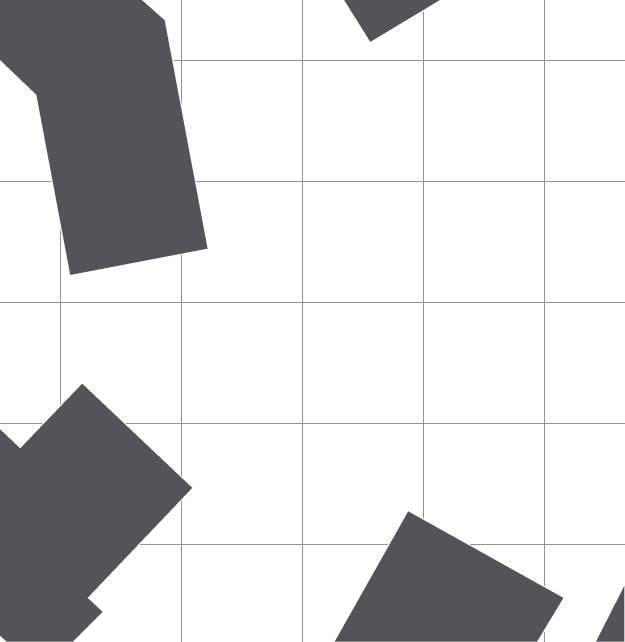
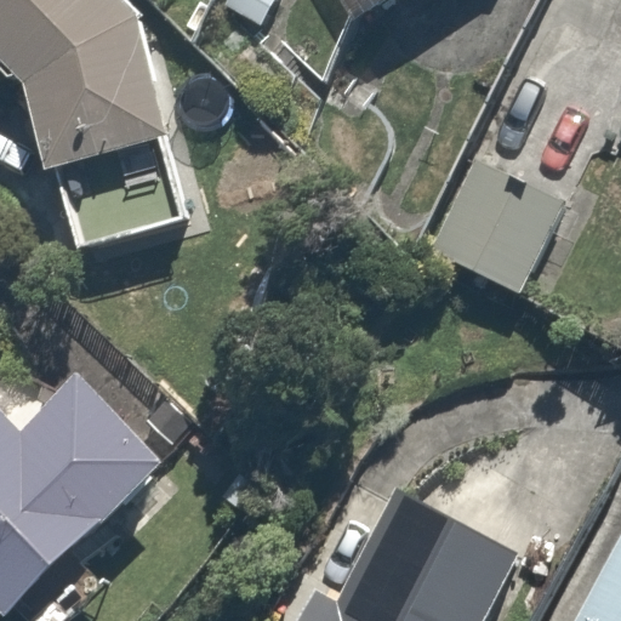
building: none -> [412,154,560,303]

